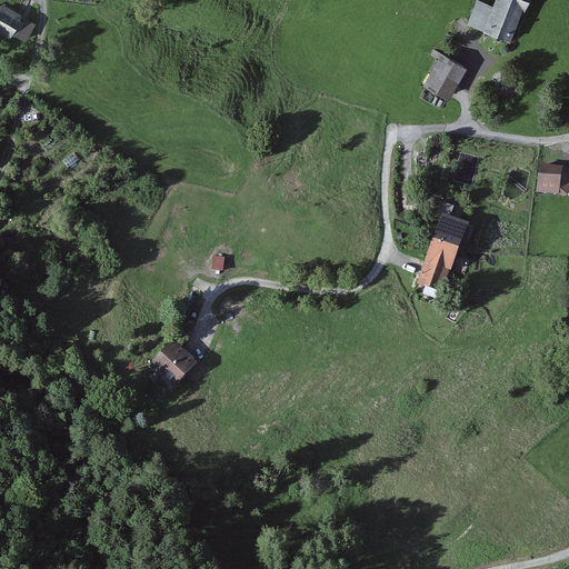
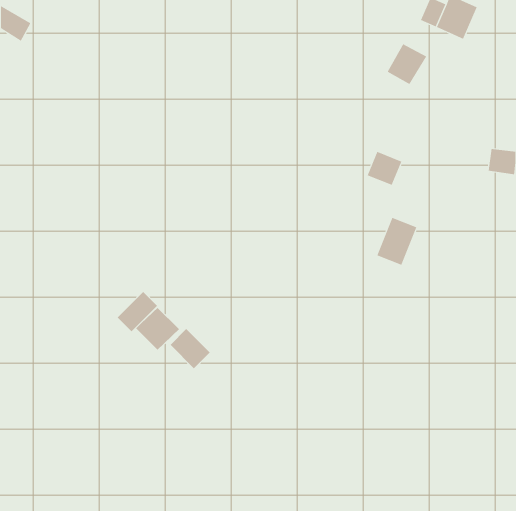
building: [431,212,470,250] -> [367,151,402,186]
building: none -> [117,291,158,332]
building: none -> [170,328,210,369]

